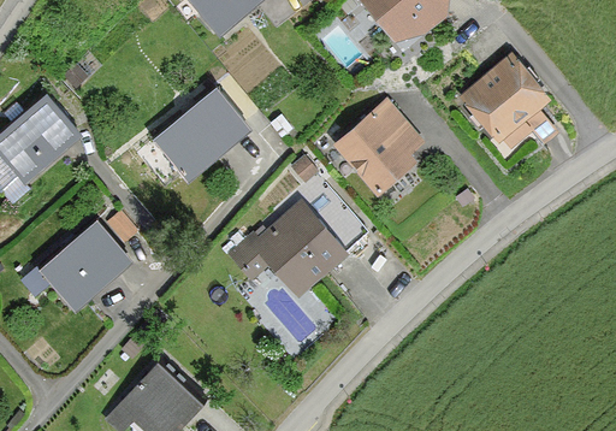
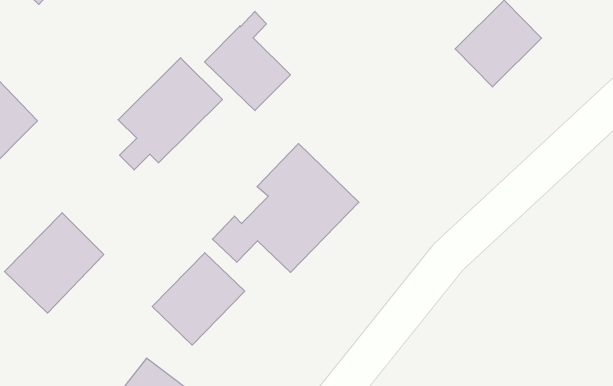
building: [337,102,414,193] -> [205,11,290,111]
building: none -> [152,253,245,345]

